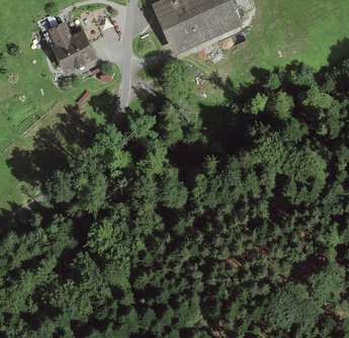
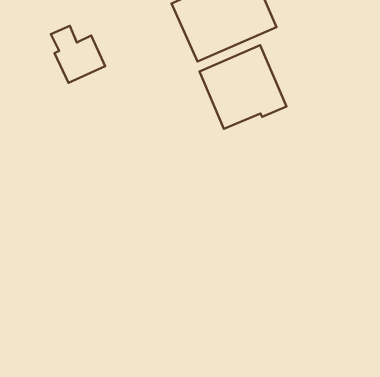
building: none -> [200,45,287,129]

